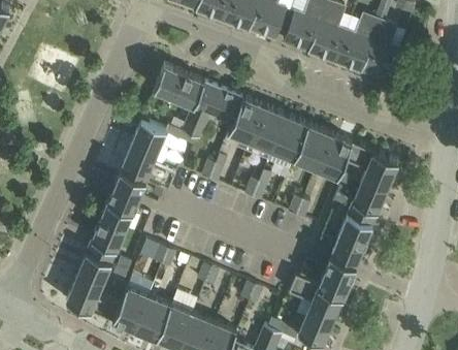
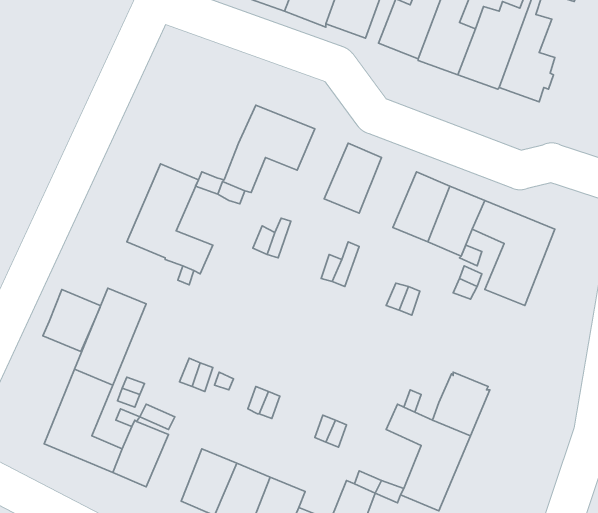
building: [155,65,204,106] -> none
building: [227,97,264,142] -> none
building: [267,116,308,171] -> none
building: [108,170,145,211] -> [43,290,100,352]
building: [331,201,379,266] -> none
building: [133,295,169,339] -> none

